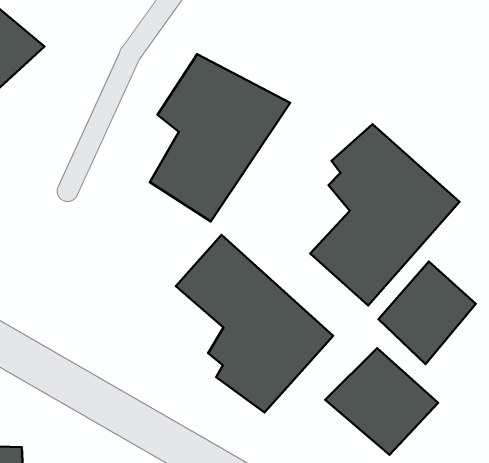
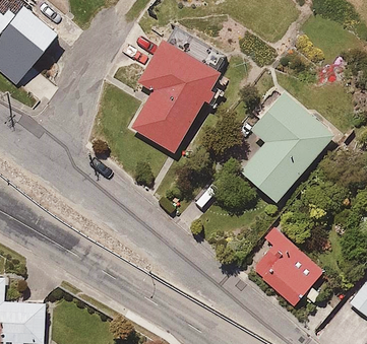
building: [176,235,333,413] -> none
building: [379,262,476,364] -> none

